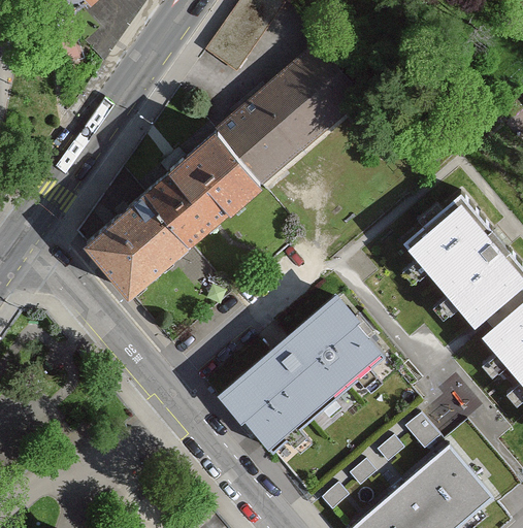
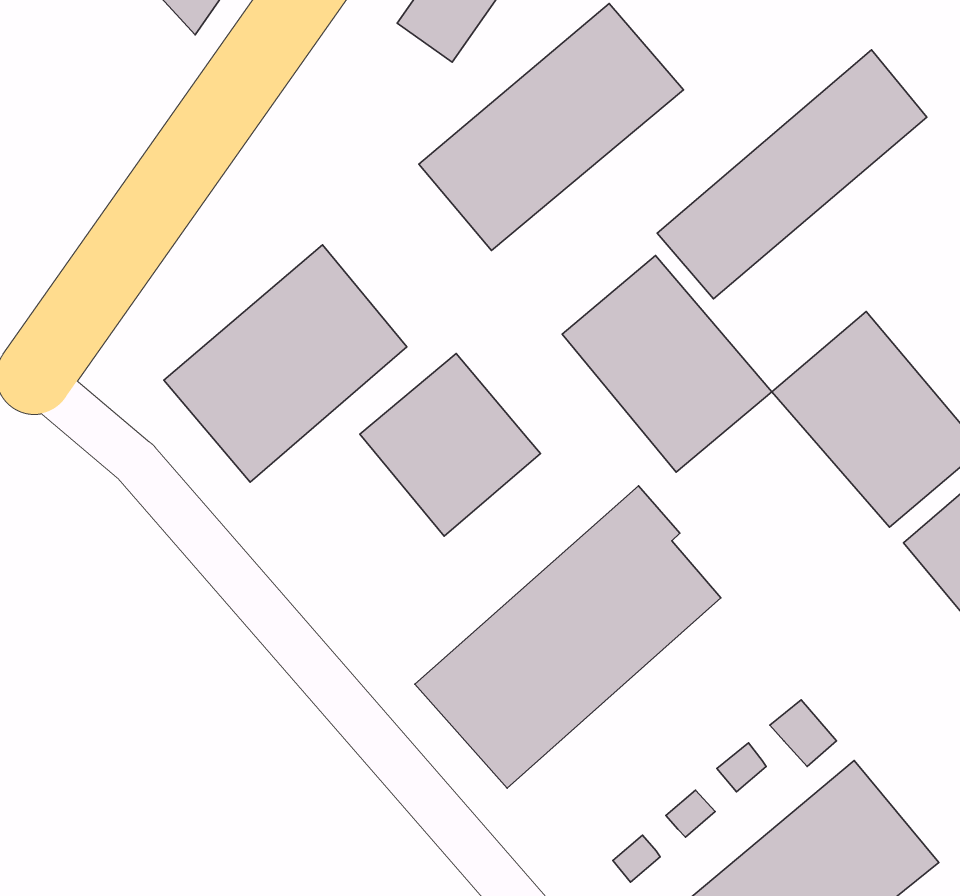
building: none -> [657,50,927,299]
building: [170,128,265,224] -> [360,354,540,536]
building: none -> [562,255,772,472]

